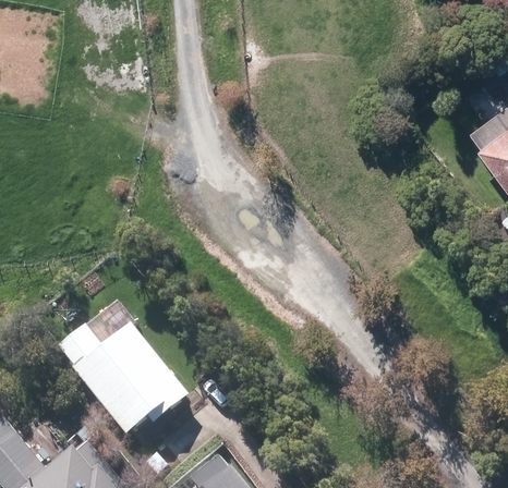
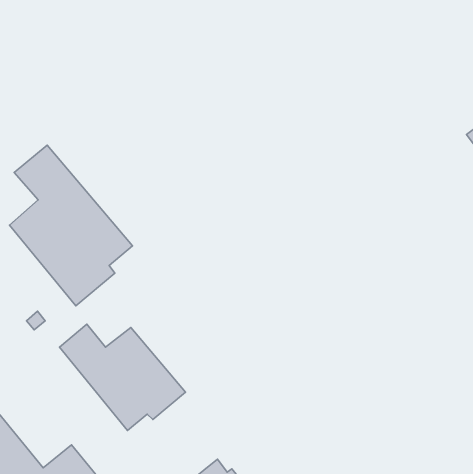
building: none -> [10,145,133,306]

